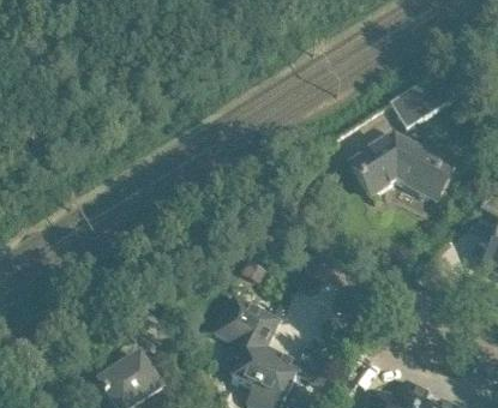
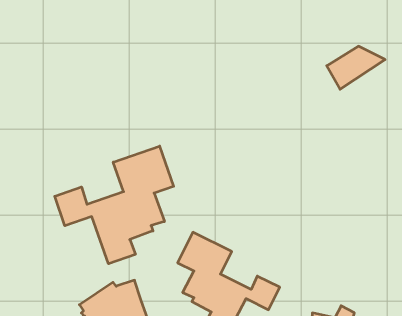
building: [349,138,456,202] -> none
building: none -> [55,146,174,264]

